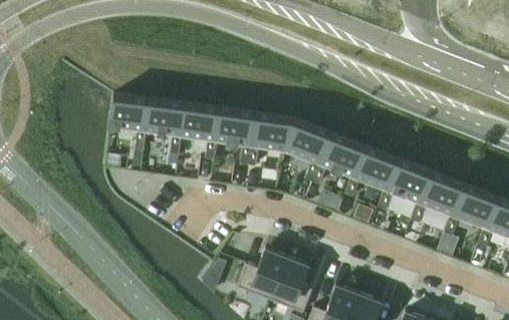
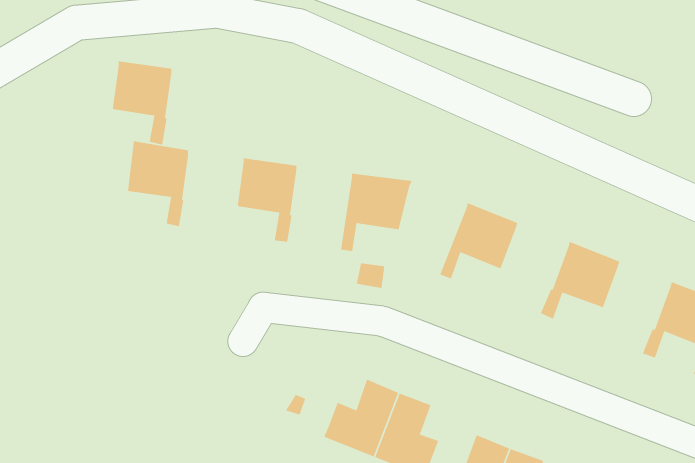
building: [148,99,187,154] -> [112,60,172,145]
building: [218,109,257,165] -> none
building: [288,119,332,181] -> none
building: [346,146,399,197] -> none
building: [413,172,465,222] -> none

